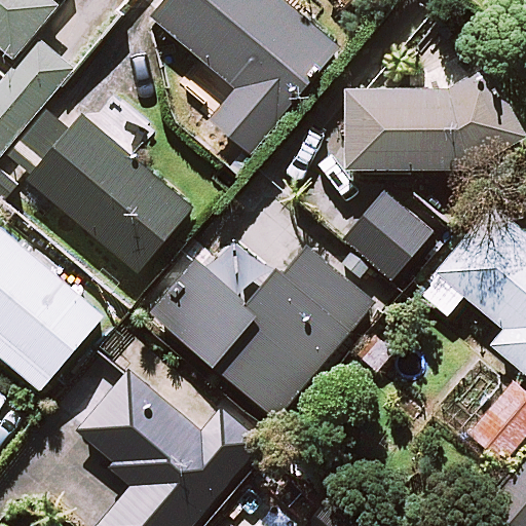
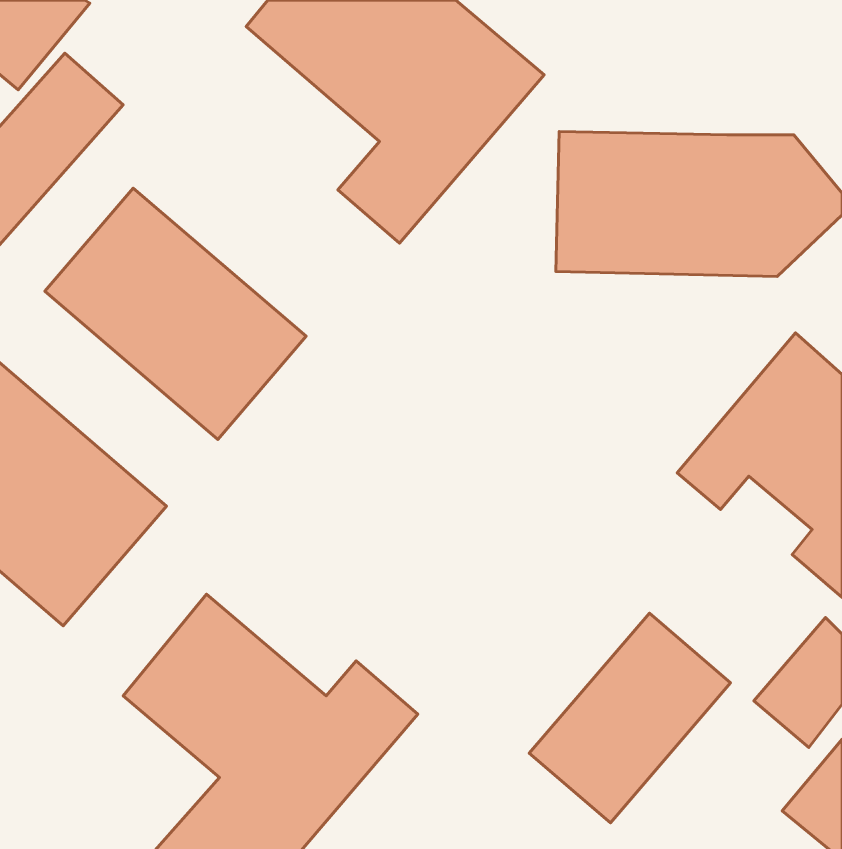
building: [342,192,433,281] -> none
building: [153,242,376,419] -> none
building: none -> [529,613,731,823]

